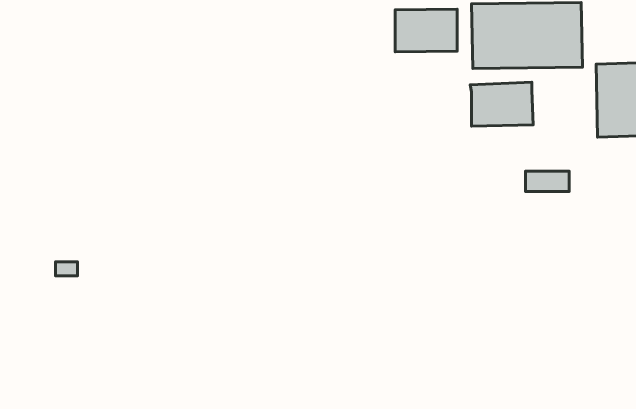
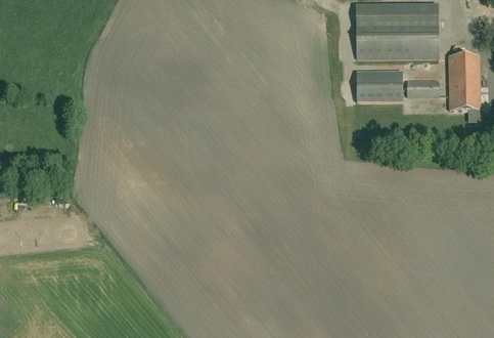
building: [395,9,457,52] -> none
building: [525,171,569,192] -> [406,80,439,95]

